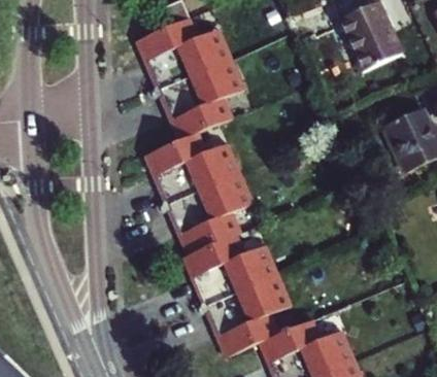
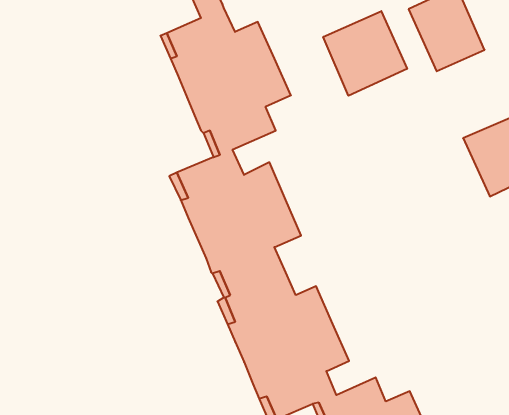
building: none -> [323,11,407,96]

